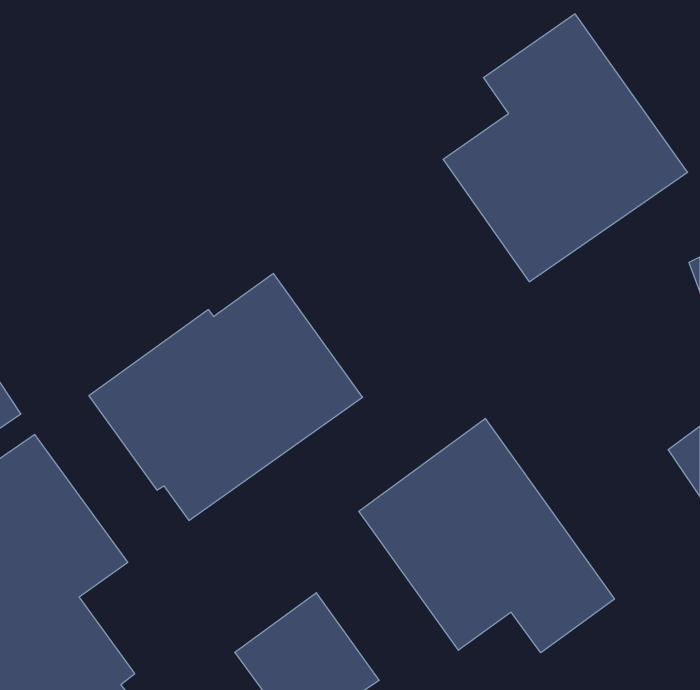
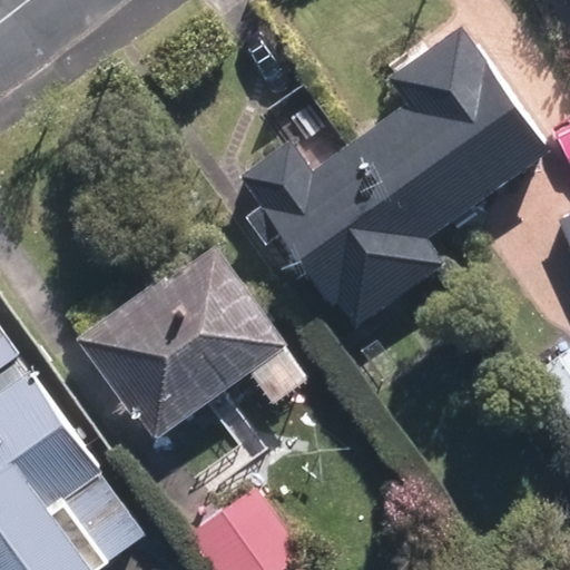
building: none -> [233,142,443,330]
building: [359,418,614,653] -> none

